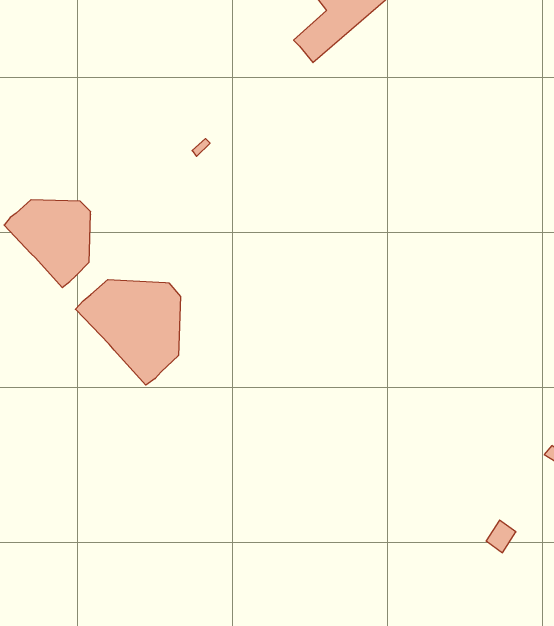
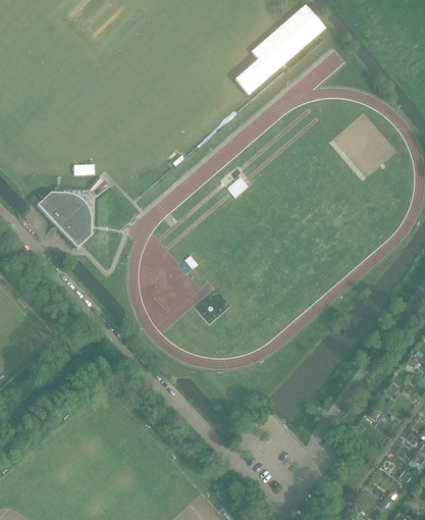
building: [75,280,180,385] -> none

